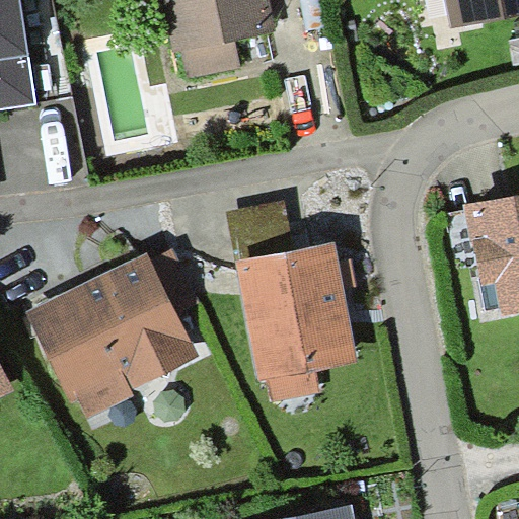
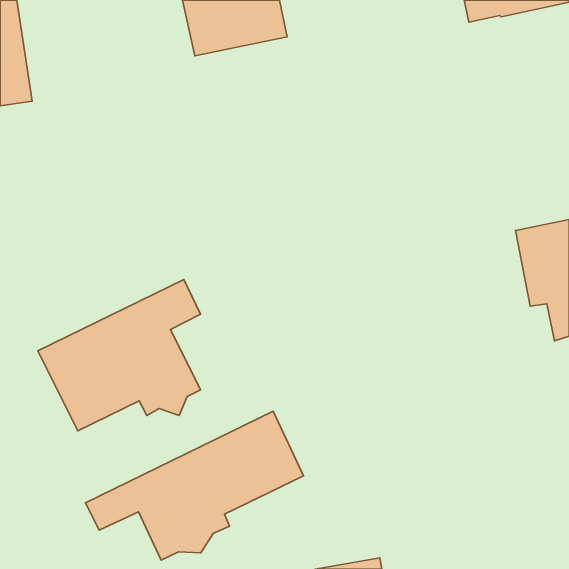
building: [240,252,345,374] -> none
building: none -> [86,411,304,560]

